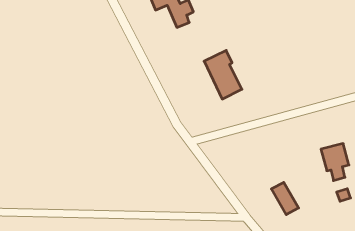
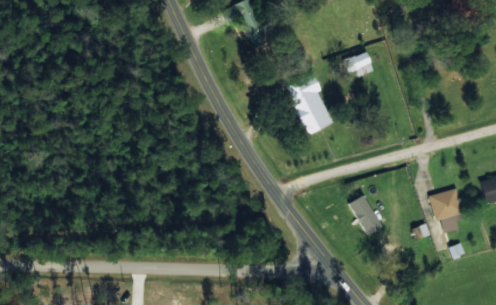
building: none -> [343,52,373,76]
building: [271,182,299,215] -> [348,195,381,234]

